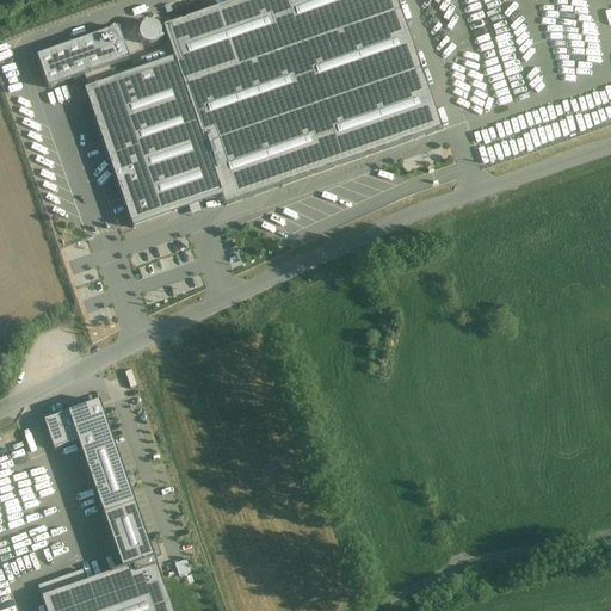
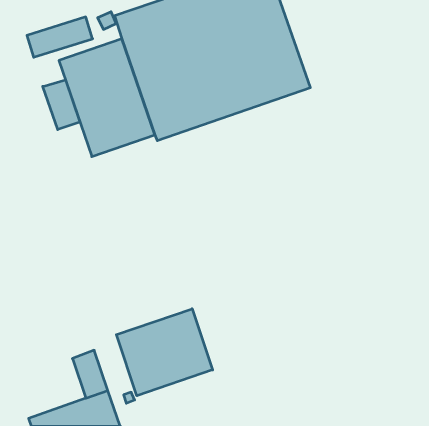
building: none -> [43,80,80,130]
building: [42,395,134,508] -> none
building: none -> [116,309,213,396]

